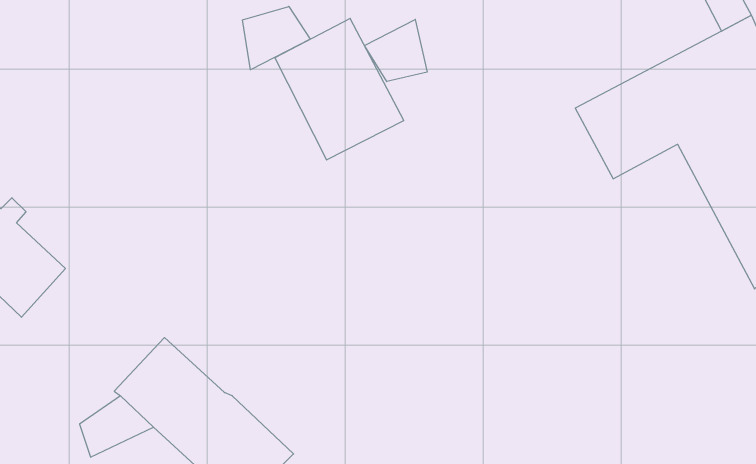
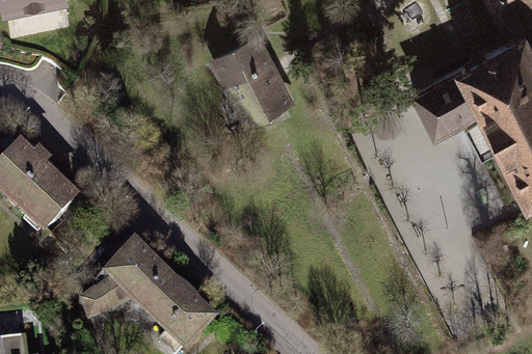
building: [243,6,310,70] -> none
building: [364,19,427,82] -> none

